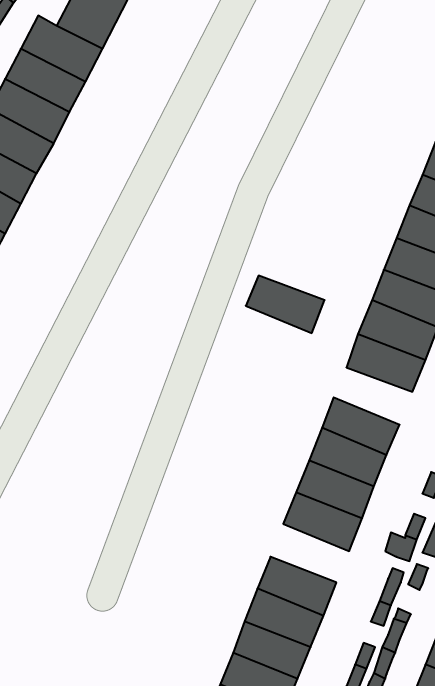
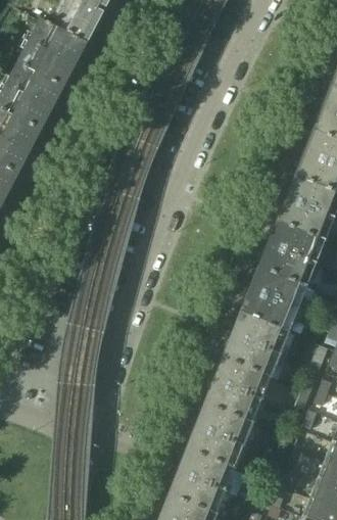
building: [246,276,325,333] -> [250,270,306,311]
building: none -> [205,381,261,423]

